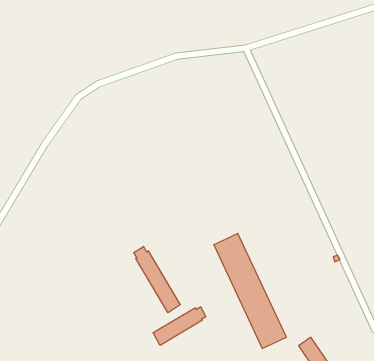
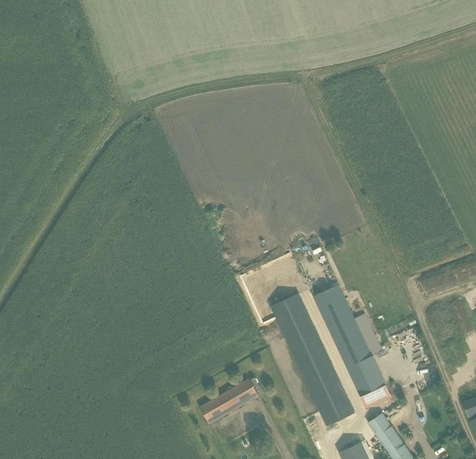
building: none -> [313,285,391,408]
building: [134,246,180,313] -> none

